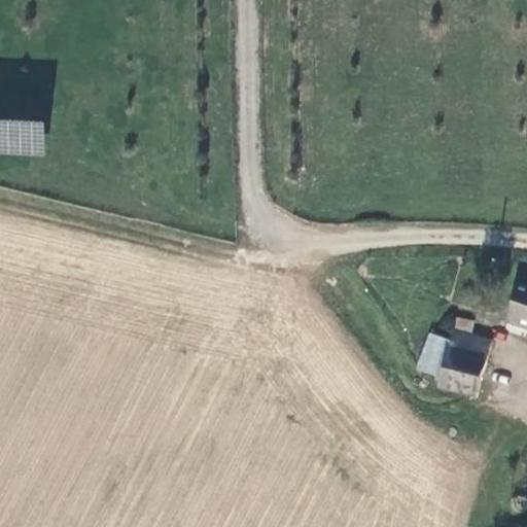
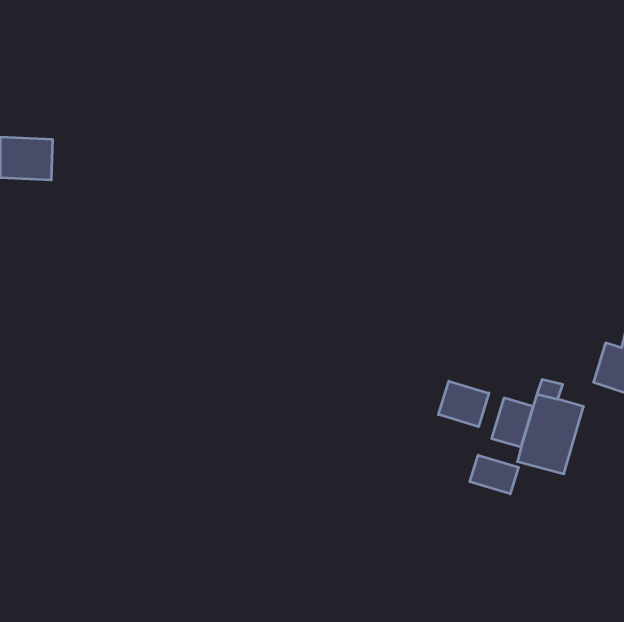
building: none -> [438,381,489,427]
building: none -> [470,455,519,494]

